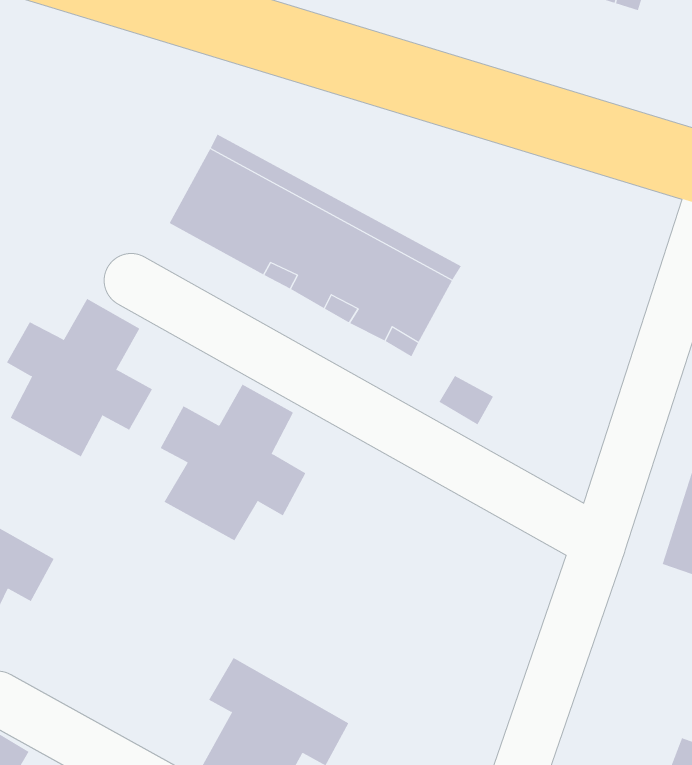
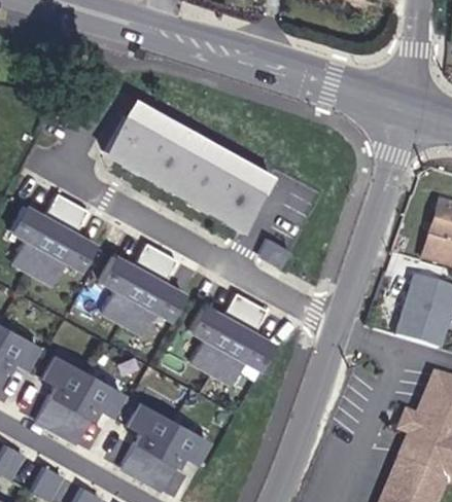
building: none -> [187,293,272,384]
building: none -> [35,355,123,444]

